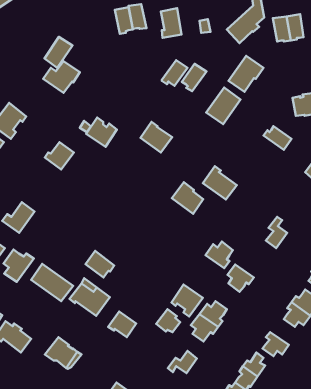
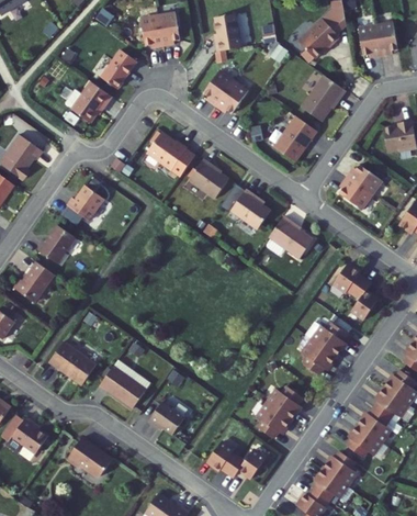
building: [128,4,146,29] -> [139,14,162,46]
building: [44,37,73,68] -> [100,48,136,88]
building: [182,64,207,91] -> [203,69,235,104]
building: [86,118,117,147] -> [147,131,187,168]
building: none -> [339,176,373,209]
building: none -> [37,224,75,263]
building: [172,182,203,214] -> [230,188,271,228]
building: none -> [334,263,364,294]
building: [205,242,233,268] -> [311,324,346,358]
building: [4,250,34,282] -> none
building: [85,251,114,277] -> none
building: [171,285,203,317] -> none
building: [156,309,180,332] -> [203,445,234,474]
building: none -> [356,412,388,445]

